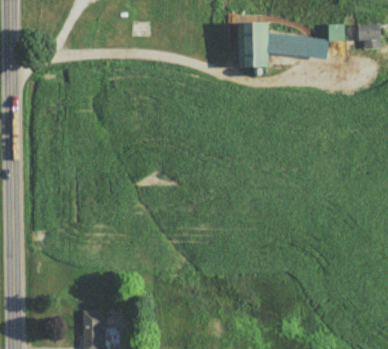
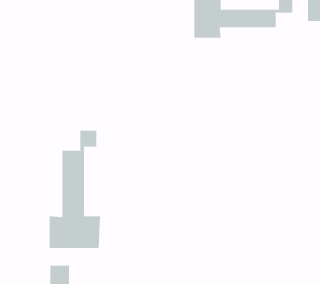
building: none -> [49,130,100,249]

